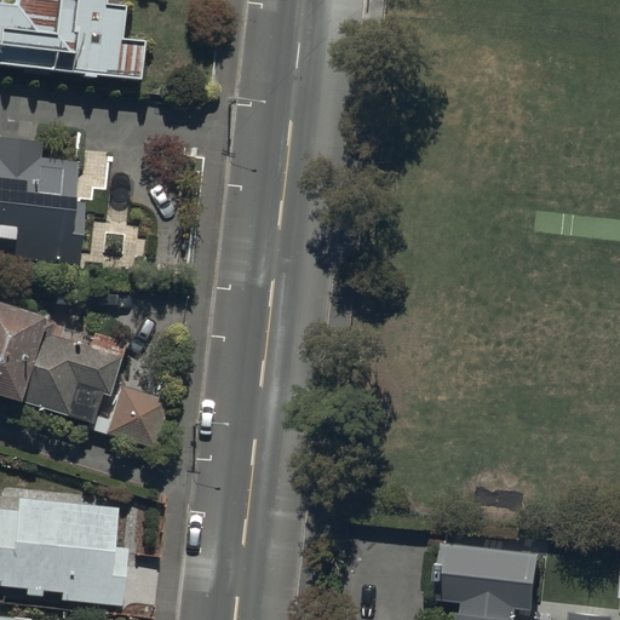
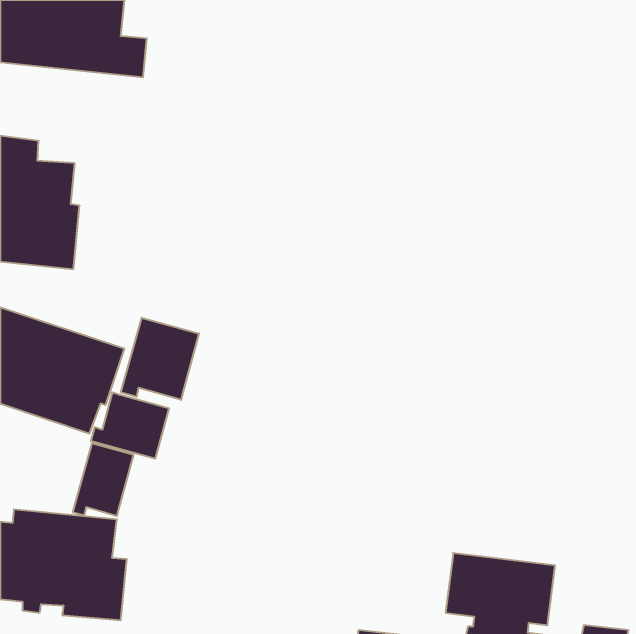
building: none -> [121,318,199,400]
building: none -> [73,443,133,516]

